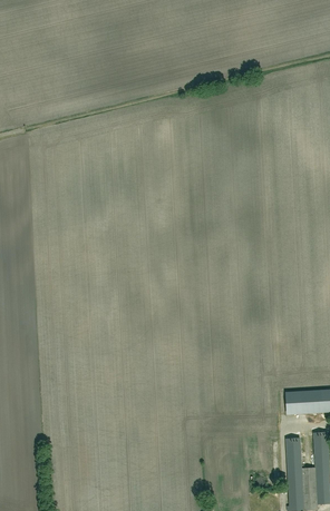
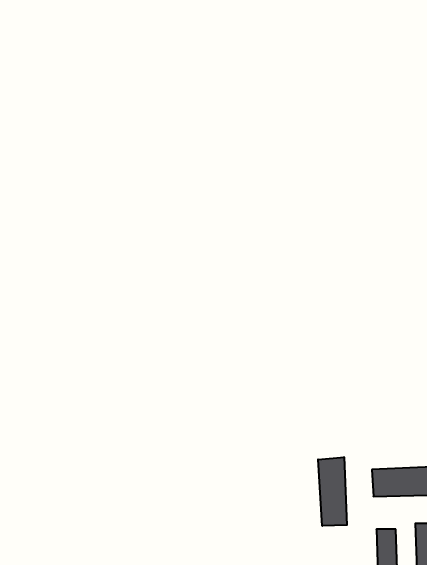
building: none -> [318,457,347,526]

